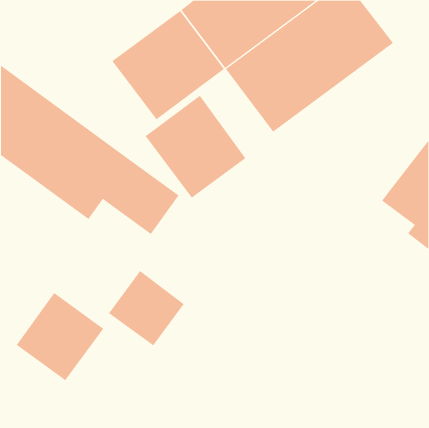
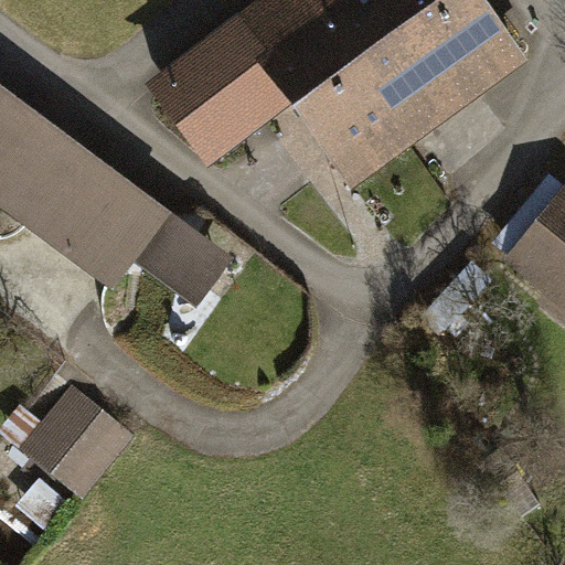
building: [145,95,246,199] -> none
building: [108,270,185,346] -> none

